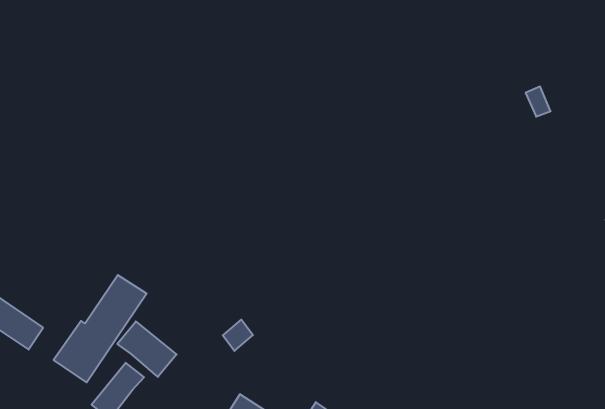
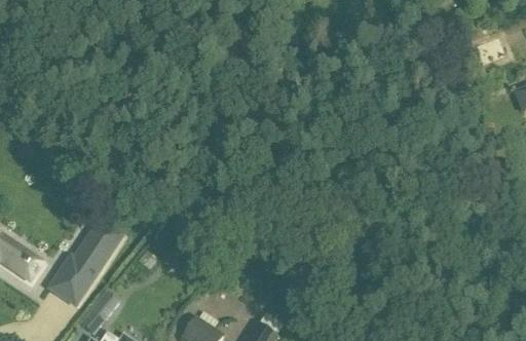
building: [117,321,177,377] -> none

